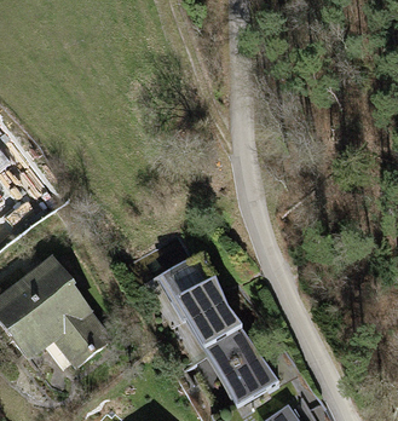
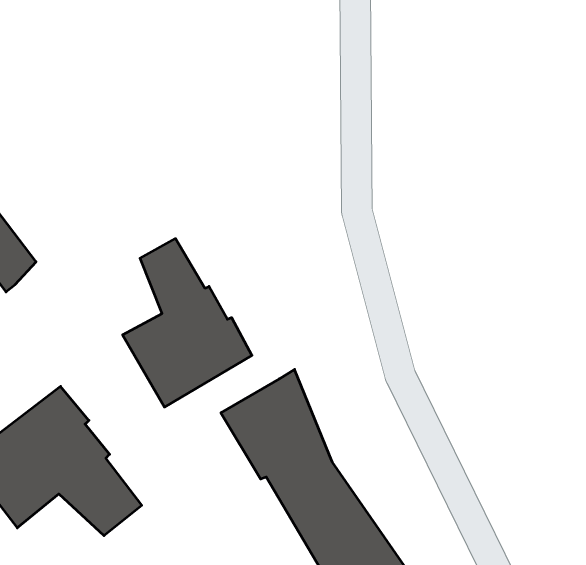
building: none -> [123,239,252,407]

